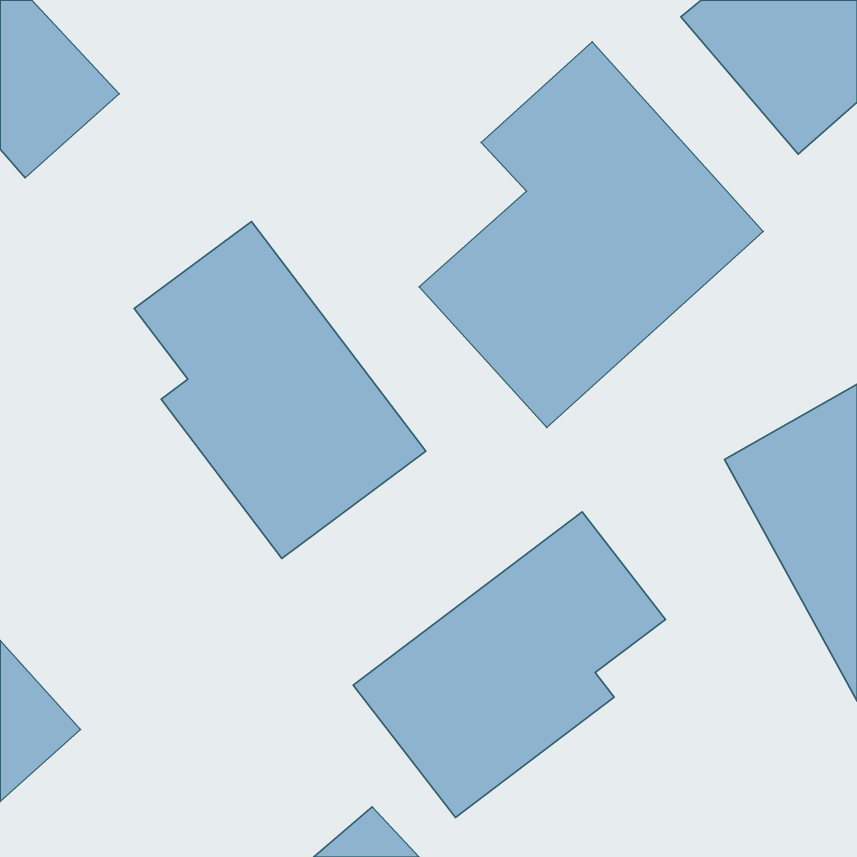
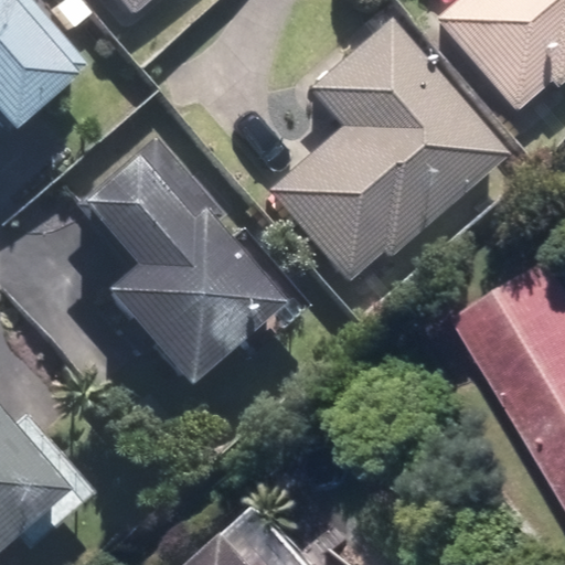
building: [353,512,665,817] -> none

